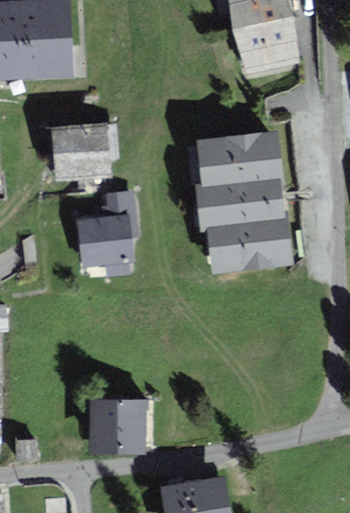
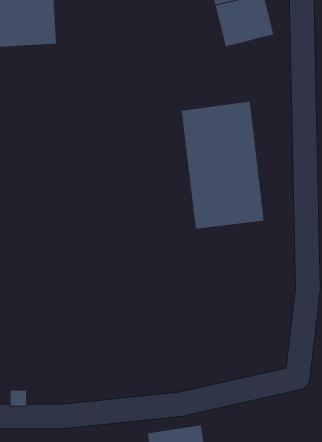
building: [57,125,108,176] -> none
building: [81,192,134,275] -> none
building: [91,401,146,451] -> none

